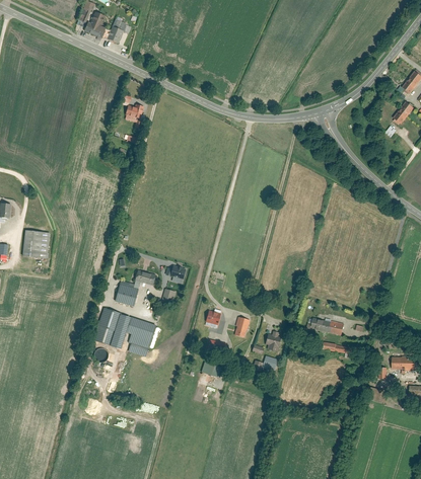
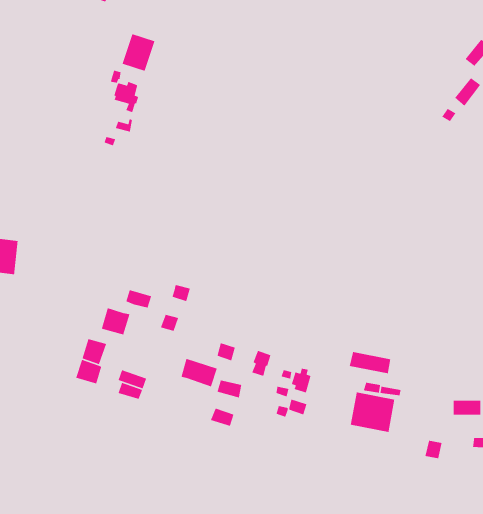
building: none -> [122,33,155,72]
building: [128,316,157,339] -> [181,358,218,388]
building: none -> [350,392,395,433]

